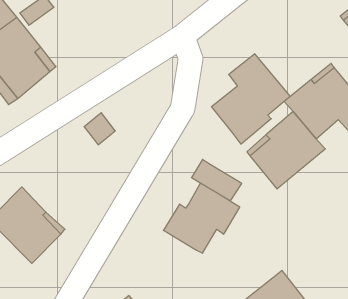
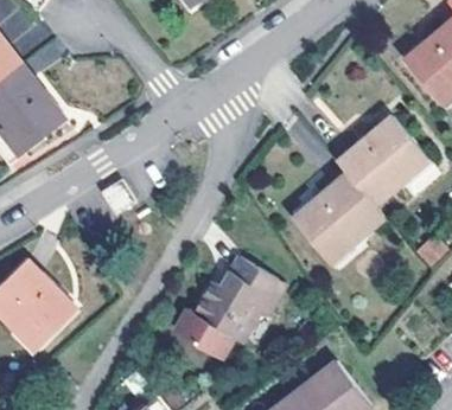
building: [212,54,290,144] -> none
building: [191,159,242,201] -> [174,309,234,358]

